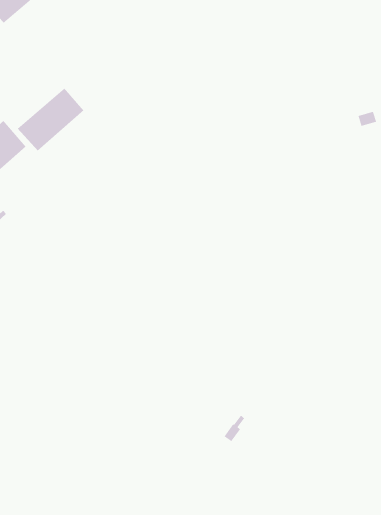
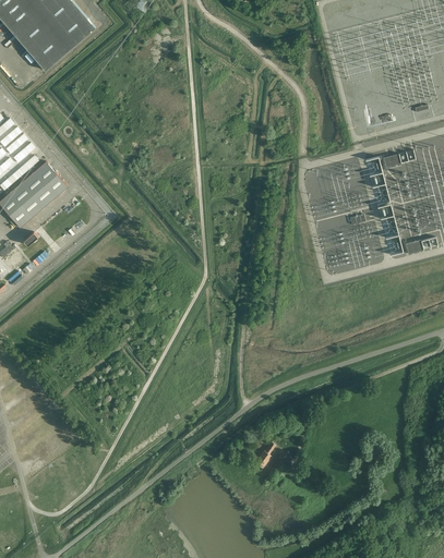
building: [17,88,84,152] -> none

